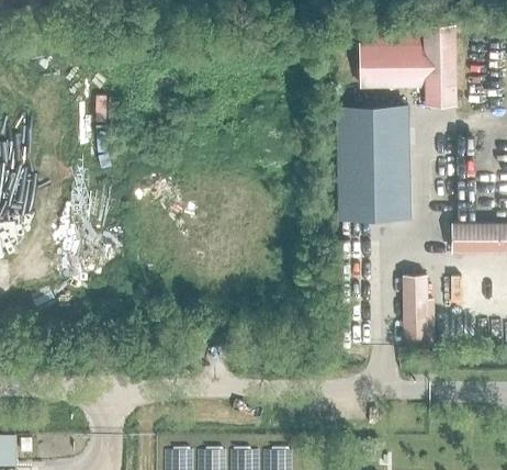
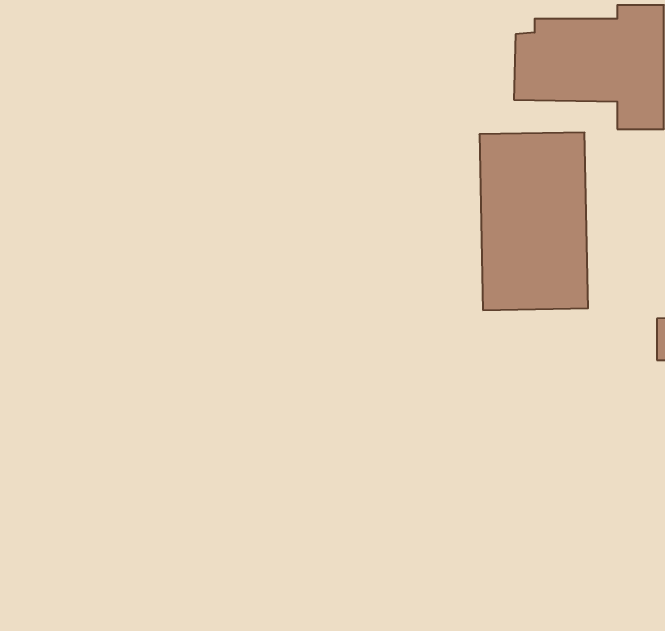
building: [405,278,427,347] -> none

